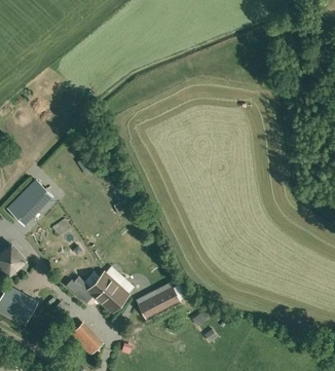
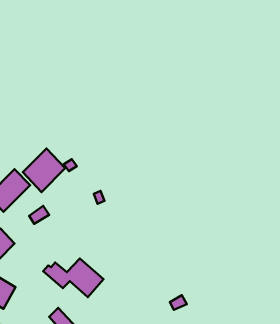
building: none -> [23,148,65,192]
building: [136,285,178,317] -> none

